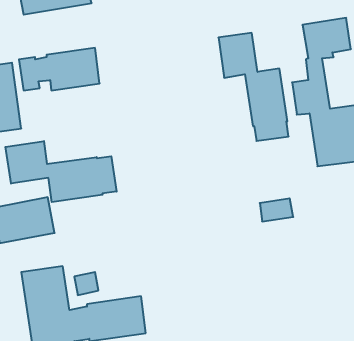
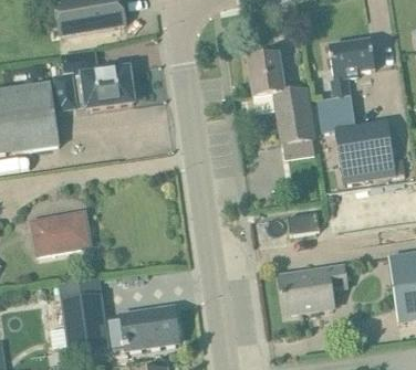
building: [5,141,117,202] -> none
building: none -> [279,265,347,314]

